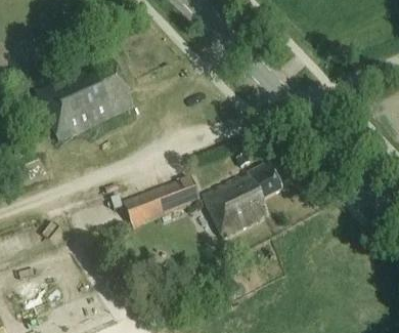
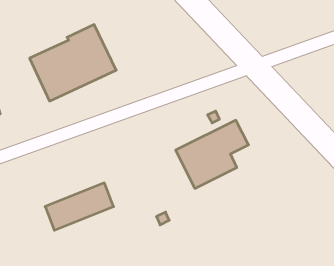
building: [124,173,201,226] -> [45,183,114,230]

